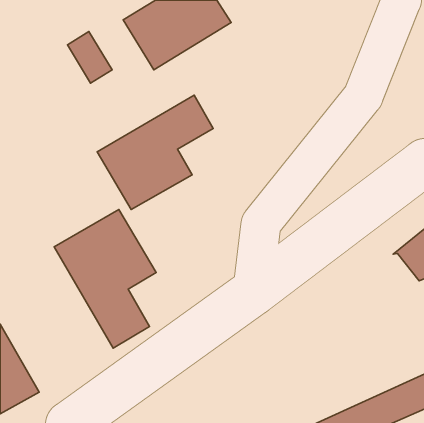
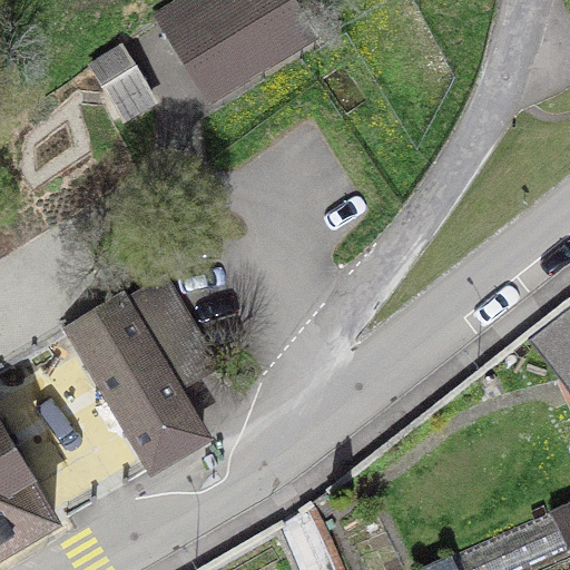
building: [97,95,213,210] -> none

